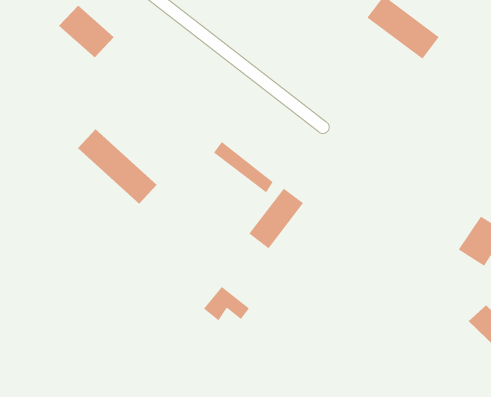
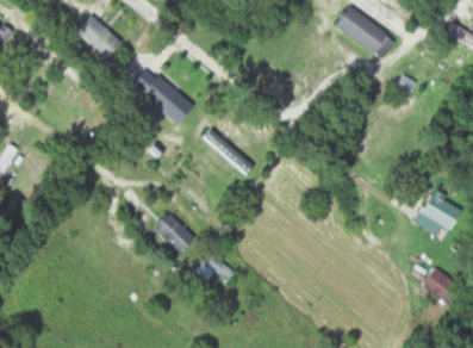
building: [77,128,158,204] -> [123,61,191,125]
building: [249,188,304,249] -> none
building: none -> [153,213,194,254]

